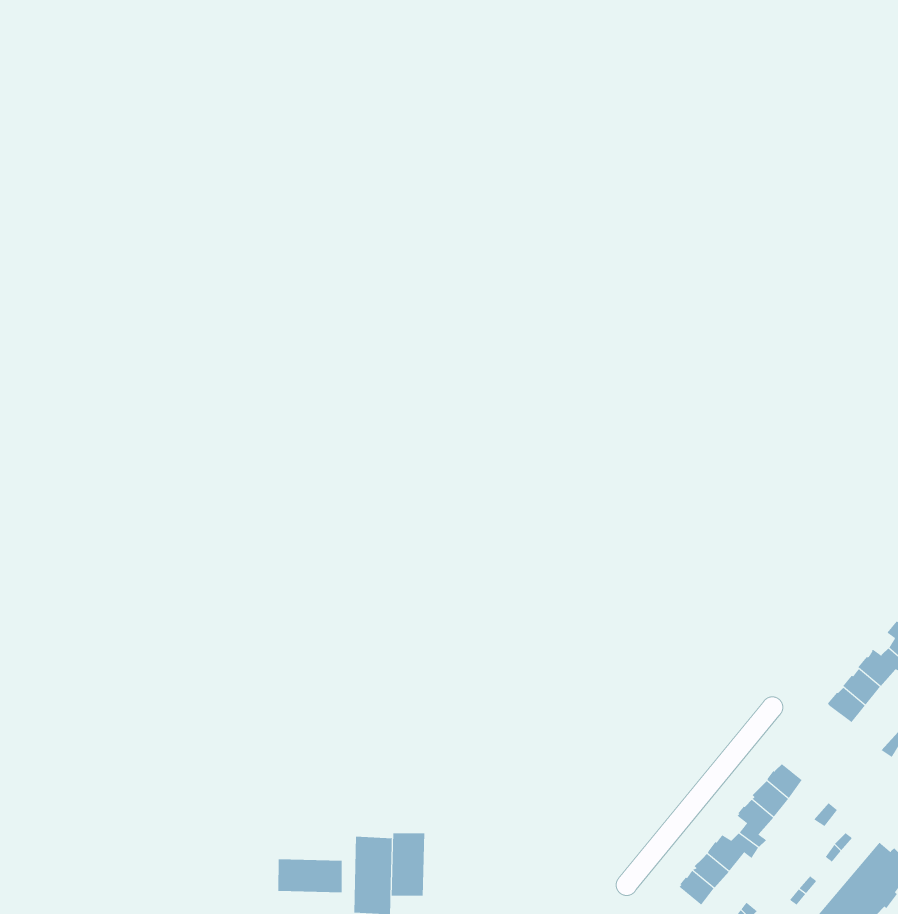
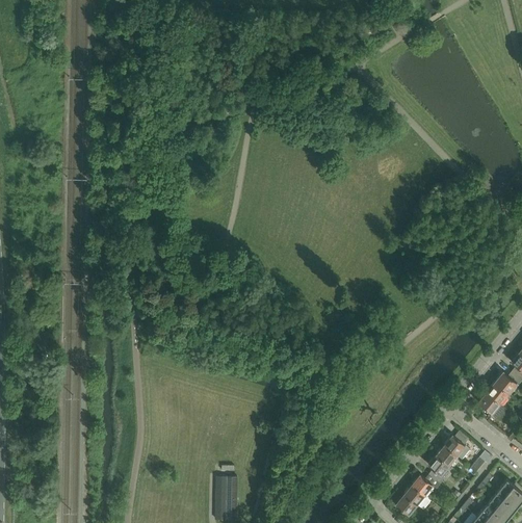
building: [391,832,425,897] -> none
building: [278,859,342,893] -> none

